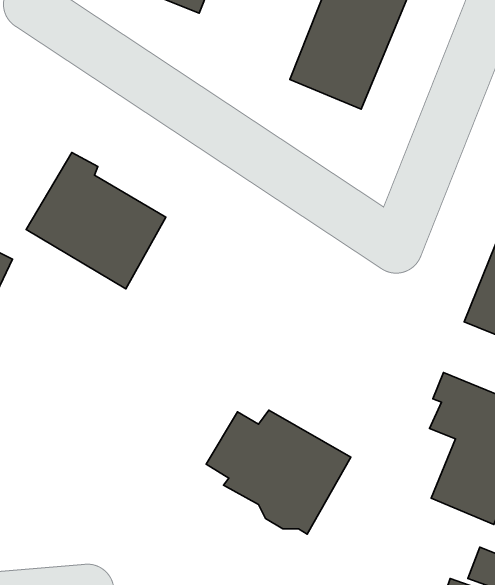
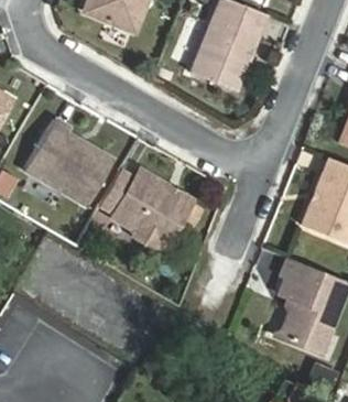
building: [206,410,351,534] -> [102,166,194,245]

